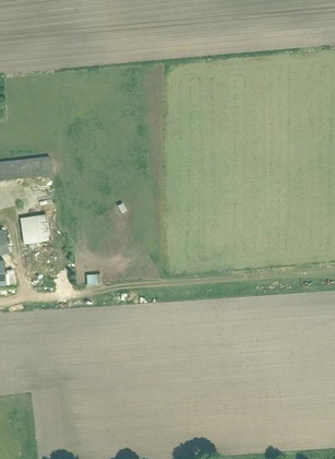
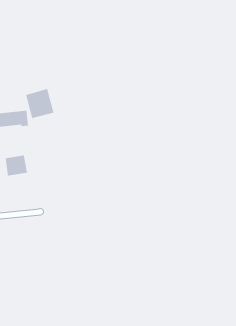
building: none -> [26,88,54,119]

